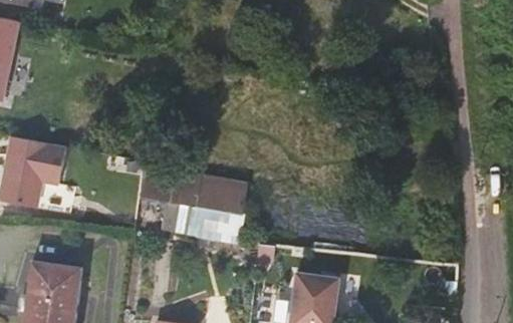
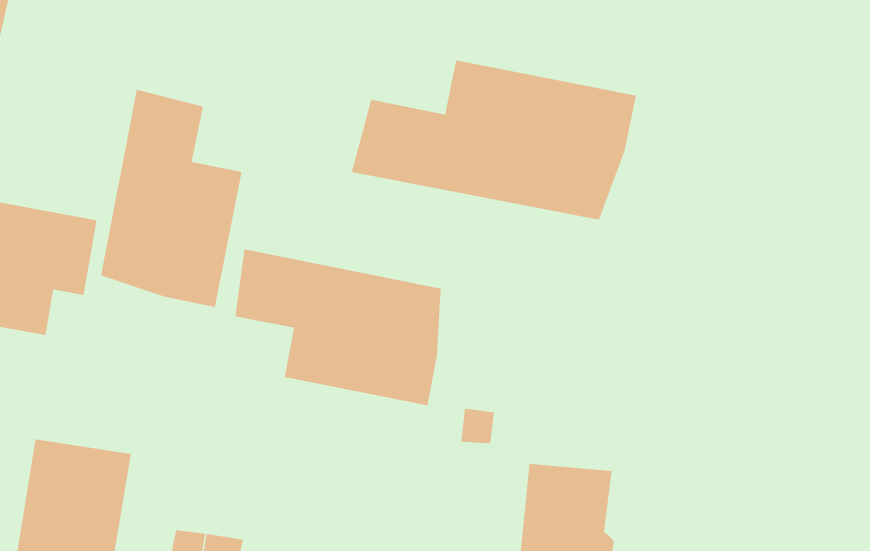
building: none -> [351,59,637,221]
building: none -> [100,89,242,308]

